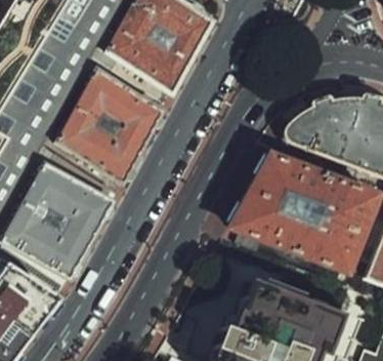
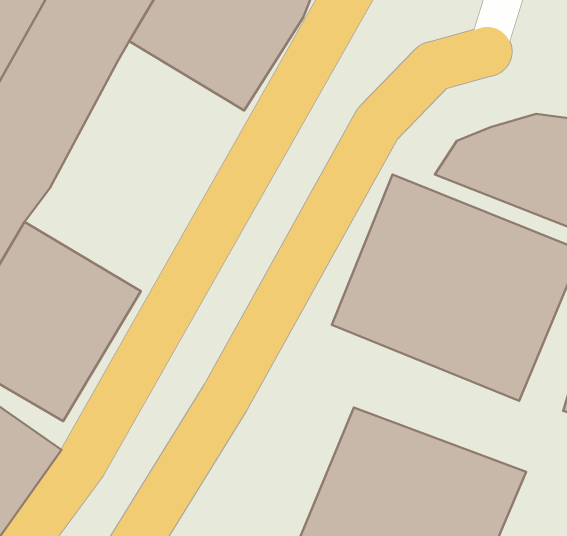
building: [56,65,169,182] -> none

